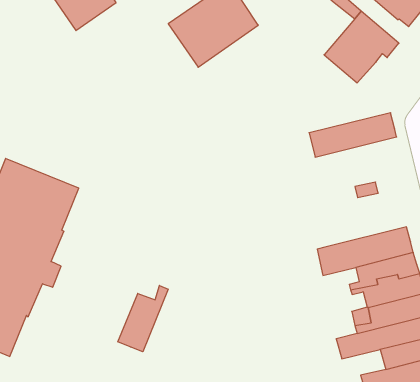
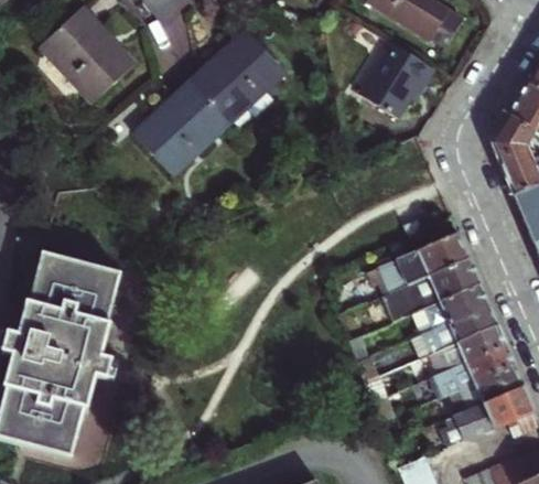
building: none -> [137,83,229,173]
building: [309,113,397,157] -> [378,234,470,291]
building: [118,285,168,352] -> none

